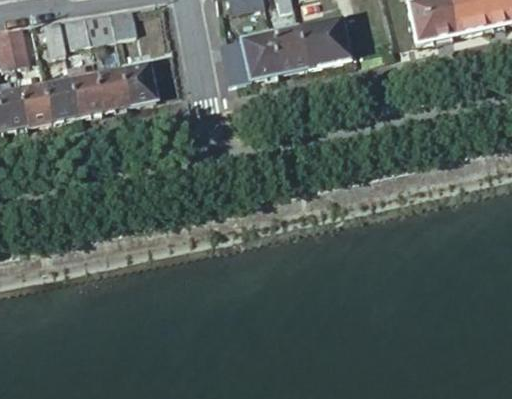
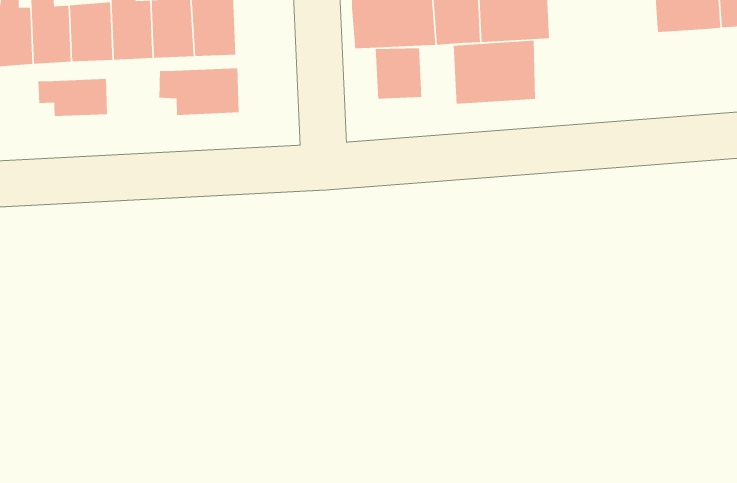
building: none -> [453,40,536,104]
building: none -> [375,48,422,100]
building: none -> [158,67,240,116]
building: none -> [38,78,108,117]

